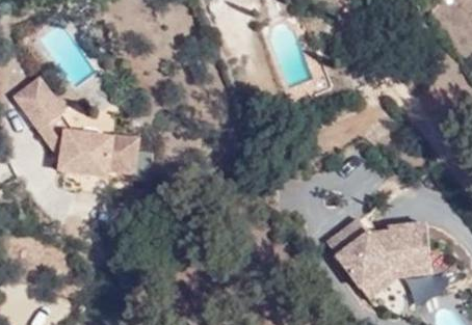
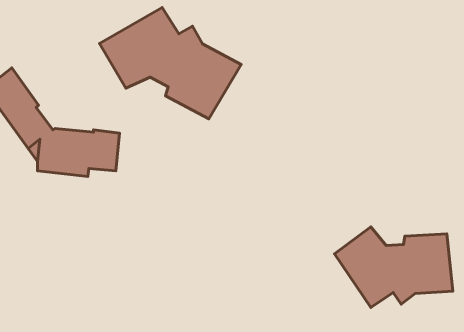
building: none -> [100,8,241,119]

